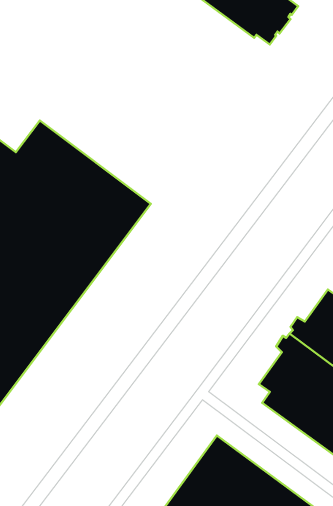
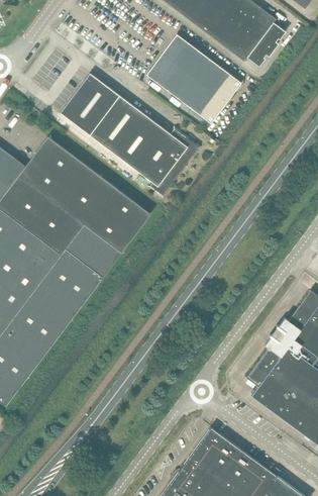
building: none -> [146,34,241,123]
building: none -> [60,73,198,195]

